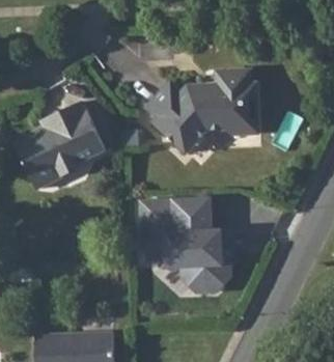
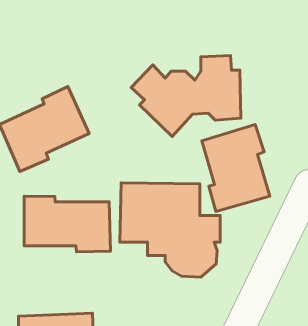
building: none -> [202,125,270,212]
building: none -> [24,196,110,252]

